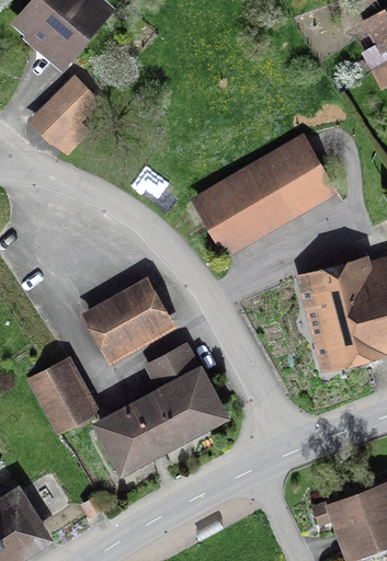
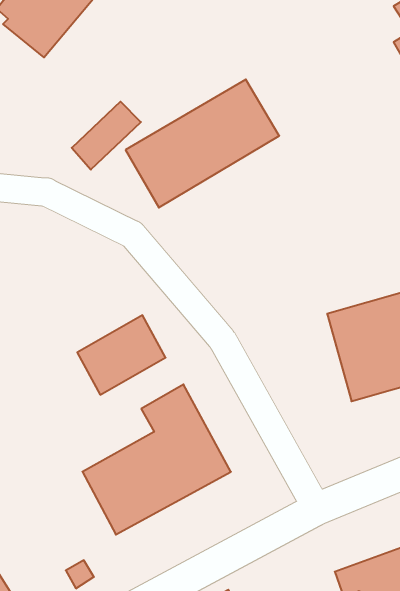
building: [36,85,95,144] -> [72,102,141,170]
building: [200,144,331,253] -> [126,79,279,208]
building: [35,366,92,426] -> none

